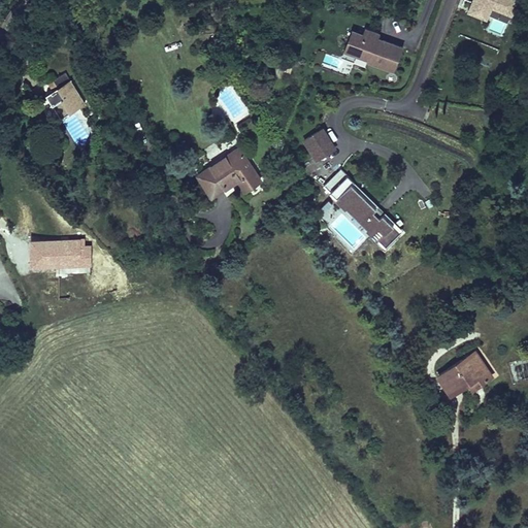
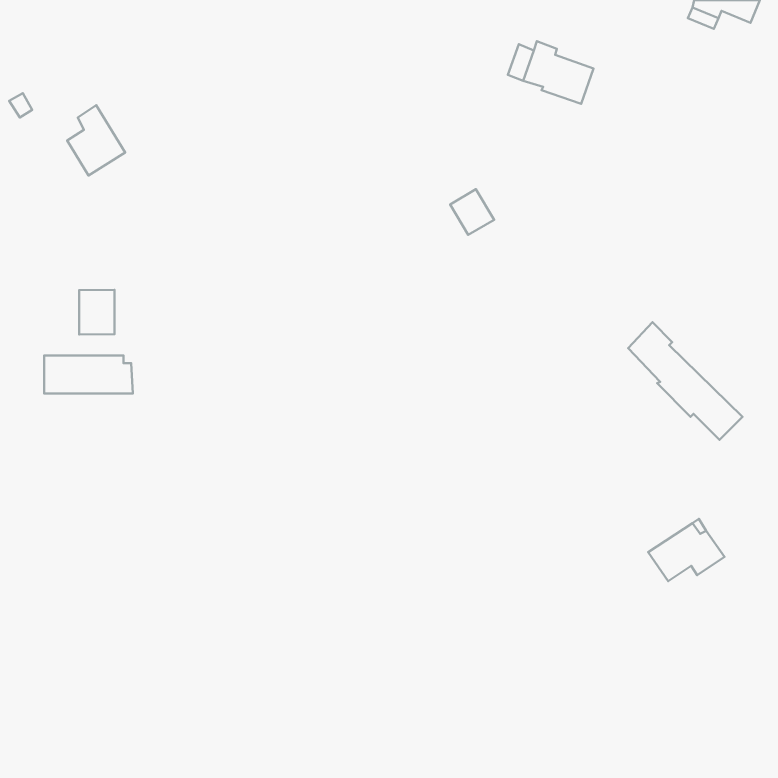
building: [197,148,259,196] -> none
building: [325,168,402,248] -> [628,322,742,440]
building: none -> [79,290,114,334]

